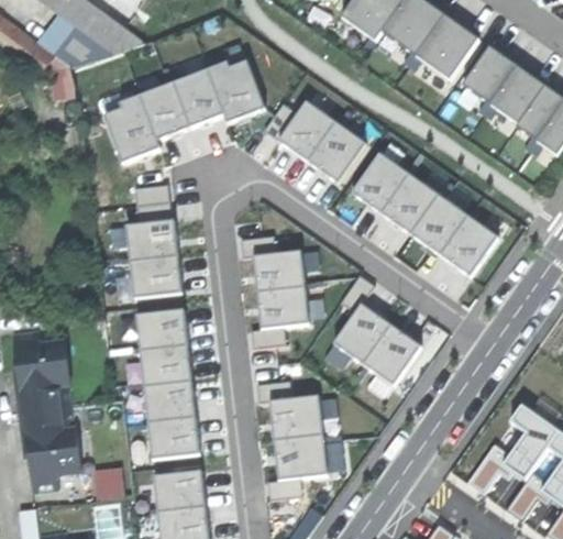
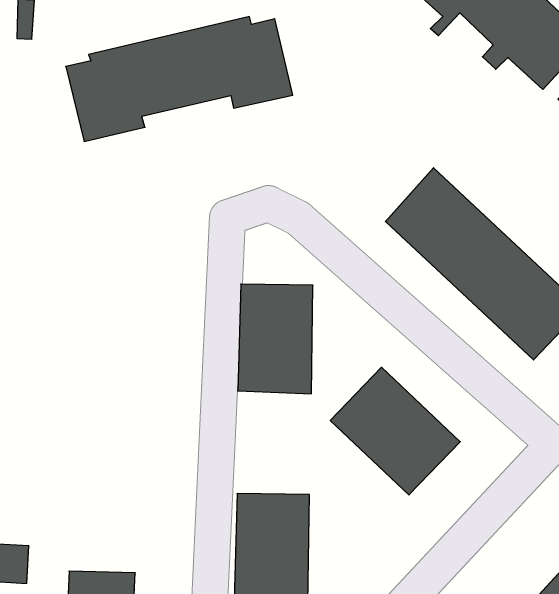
building: [275,97,371,186] -> none
building: [136,182,173,213] -> none
building: [125,218,181,298] -> none
building: [136,309,199,458] -> none

